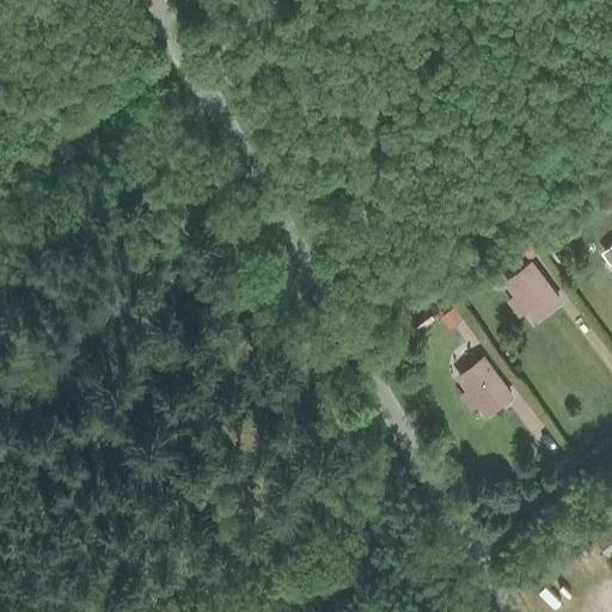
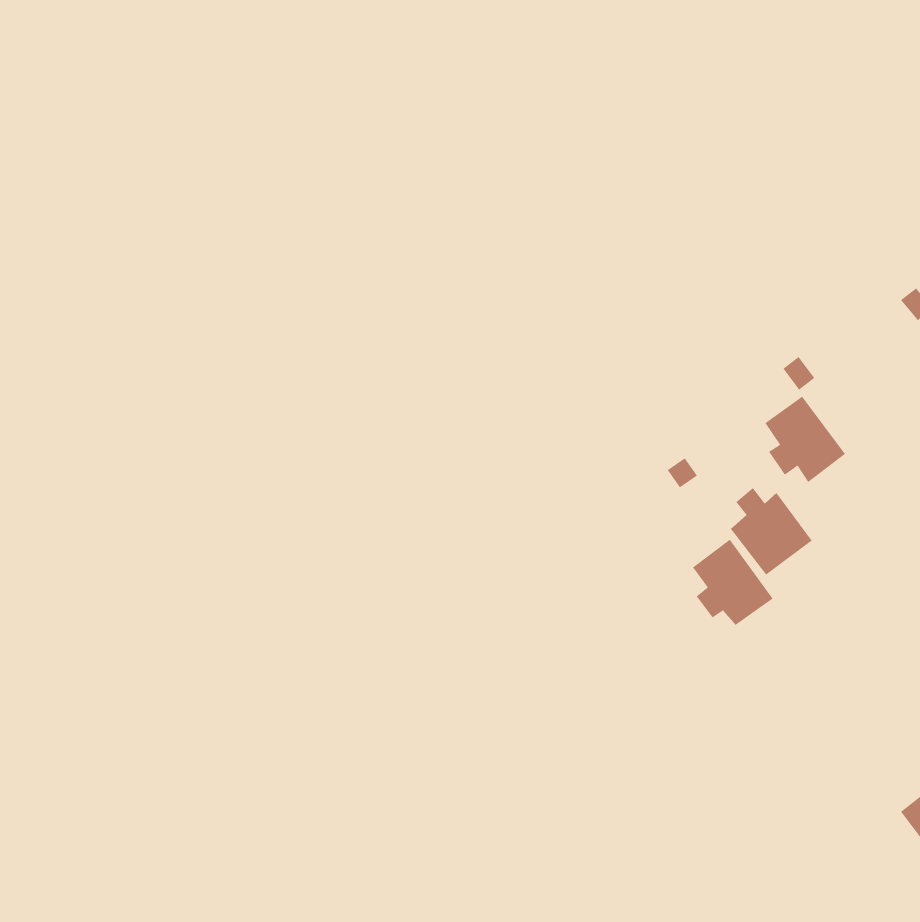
building: none -> [730,487,812,575]

